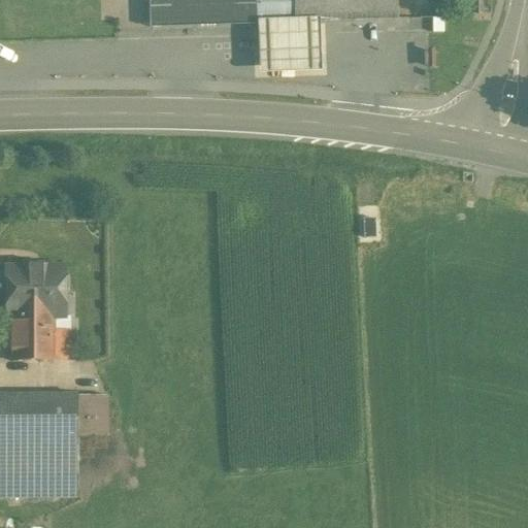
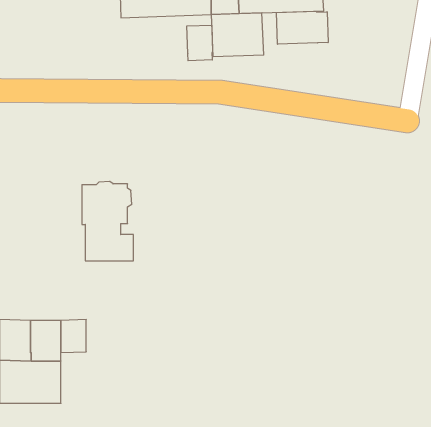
building: none -> [276,11,328,44]
building: none -> [187,25,213,61]
building: [5,259,68,356] -> [82,181,133,261]

